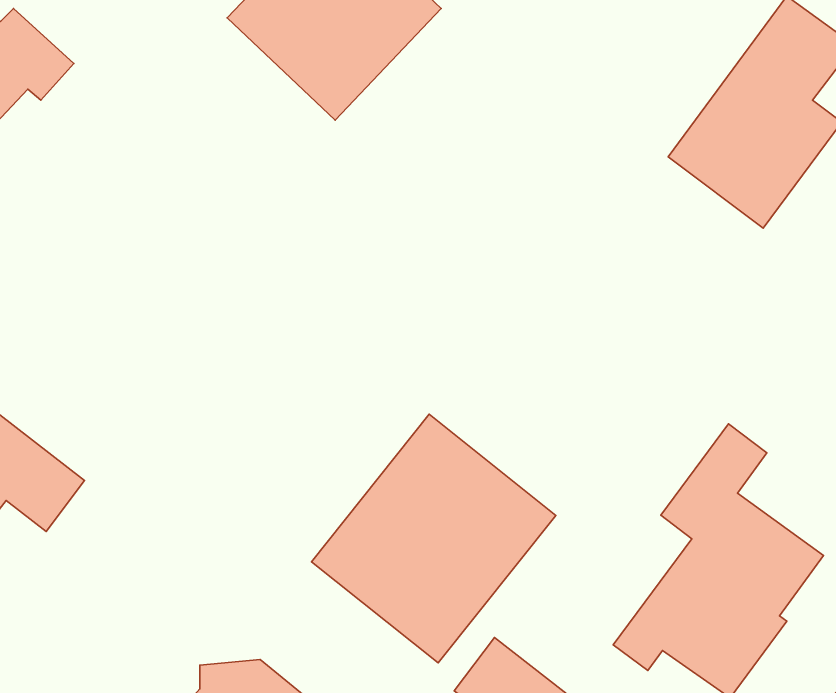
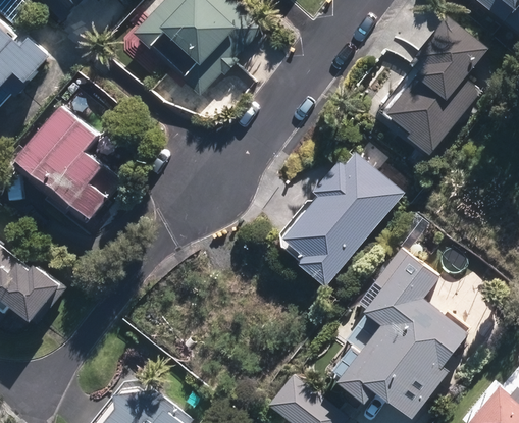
building: none -> [16,106,126,218]
building: none -> [281,156,401,283]
building: [312,414,556,663] -> none

